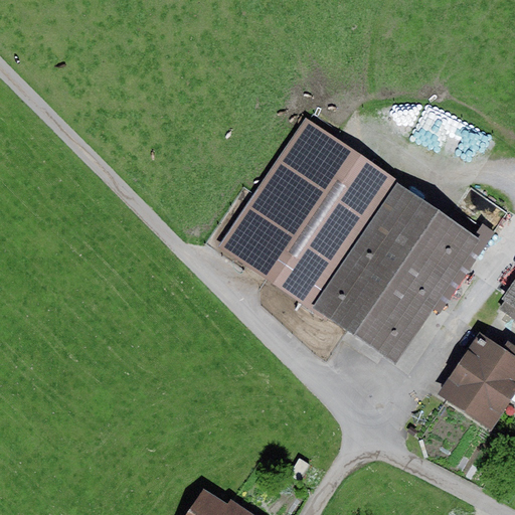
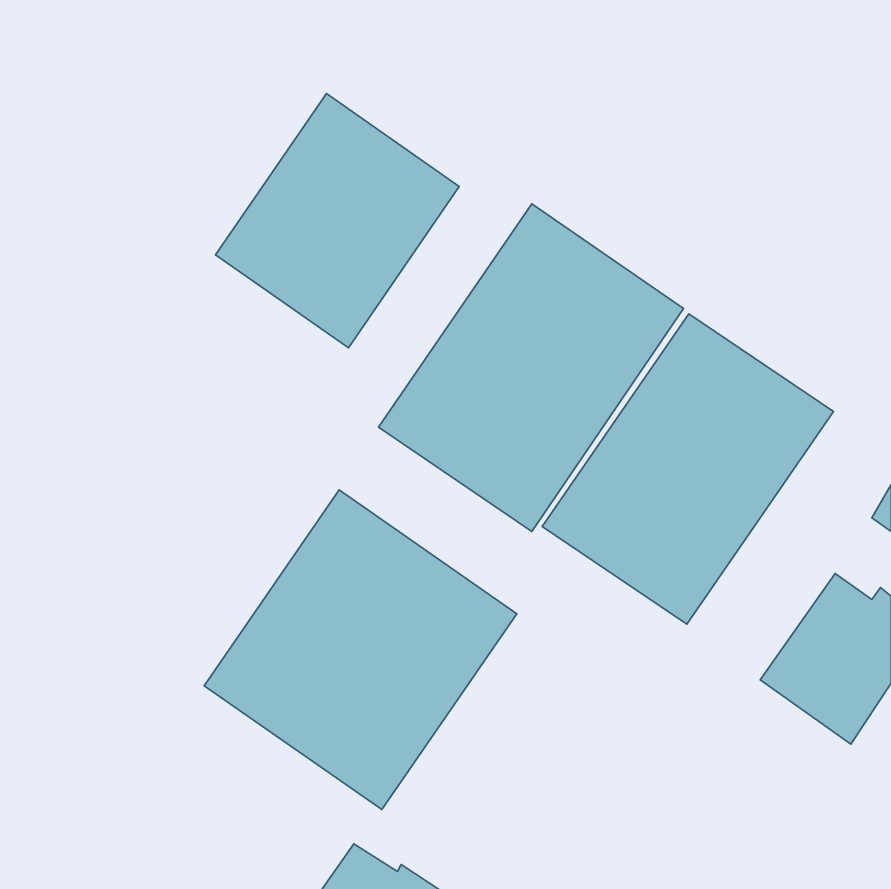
building: none -> [216,94,459,348]
building: none -> [204,490,517,810]

